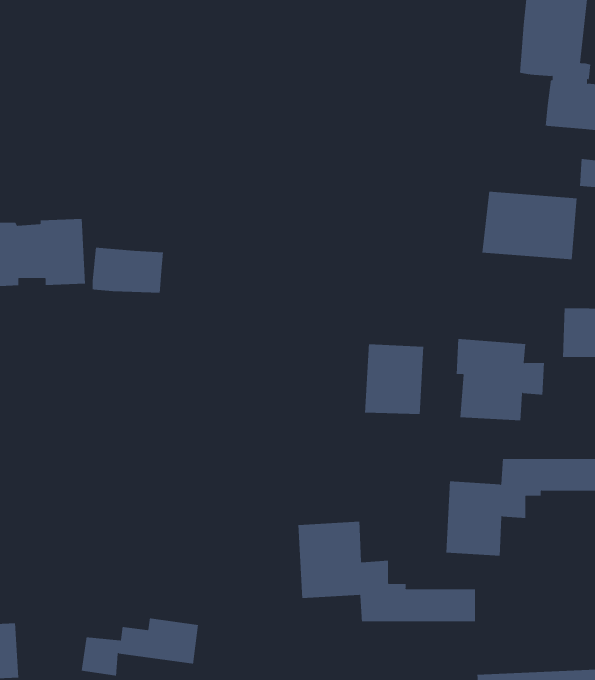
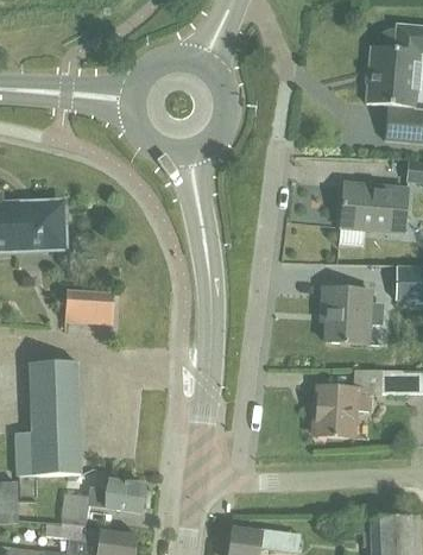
building: [92,247,164,293] -> [64,290,114,322]
building: [365,343,424,415] -> none
building: none -> [15,360,81,474]
building: [298,521,476,622] -> none

